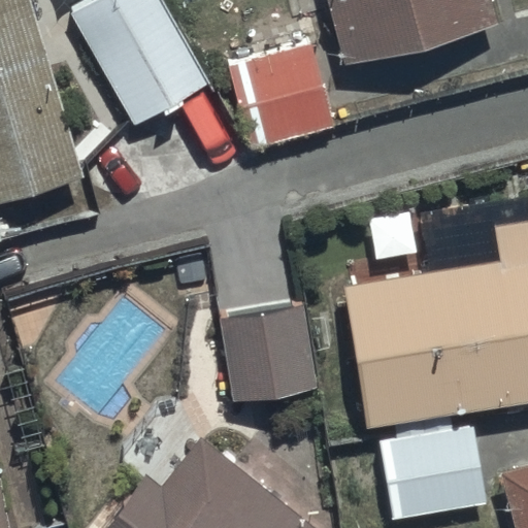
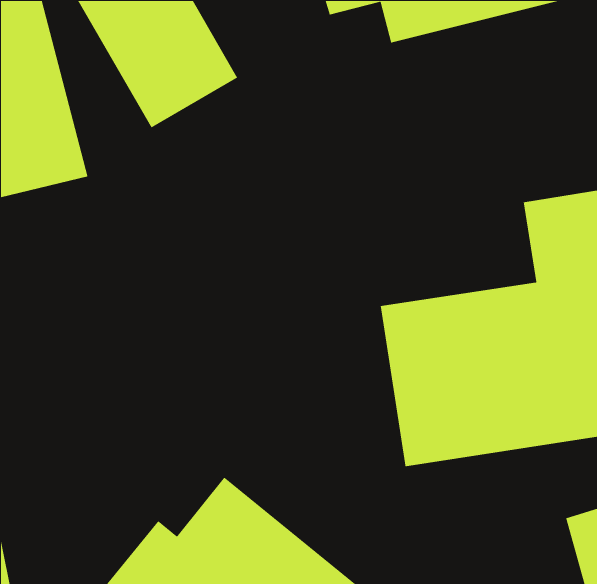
building: [229,43,335,151] -> none
building: [220,303,319,402] -> none
building: [378,428,484,519] -> none

